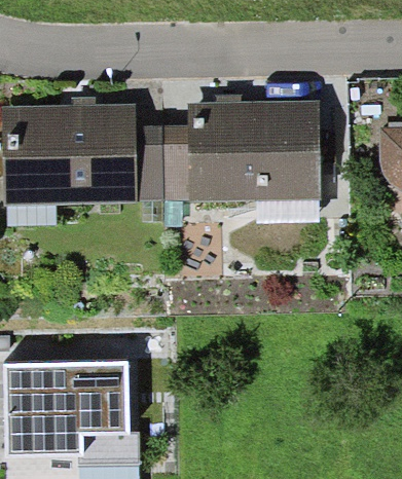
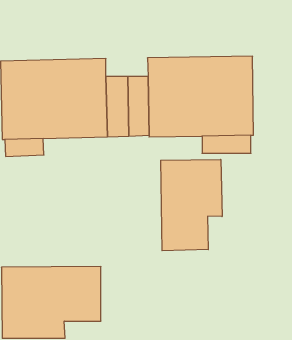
building: none -> [161,159,222,251]

